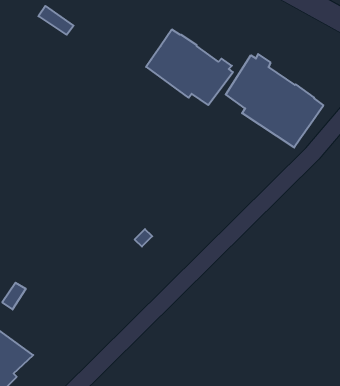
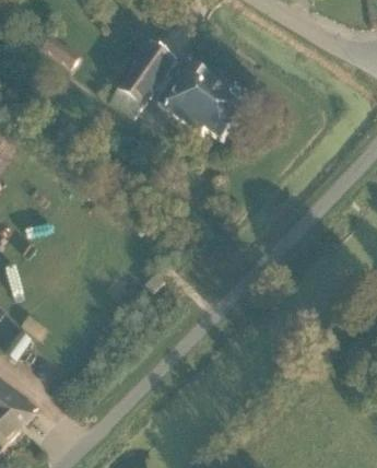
building: none -> [113,40,177,113]
building: [226,54,323,148] -> none

